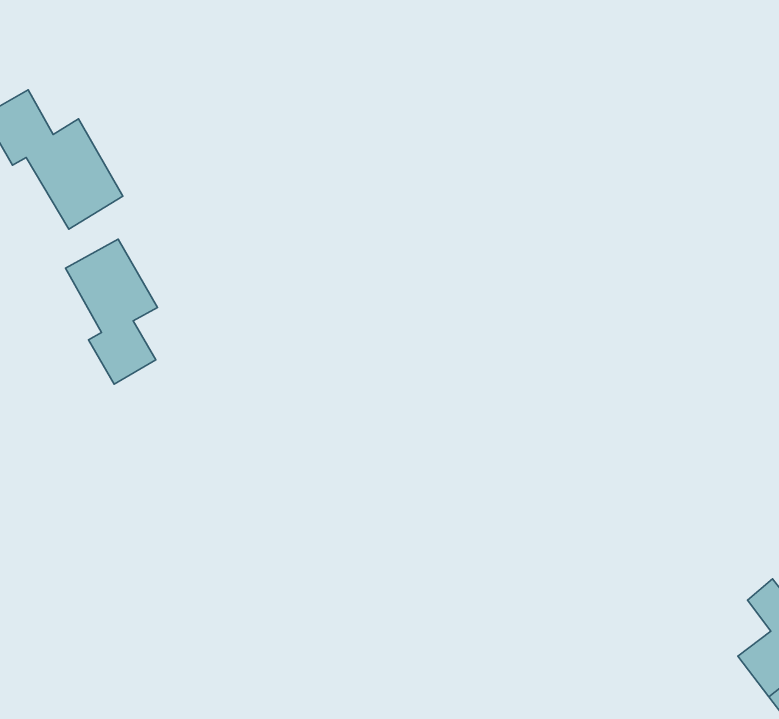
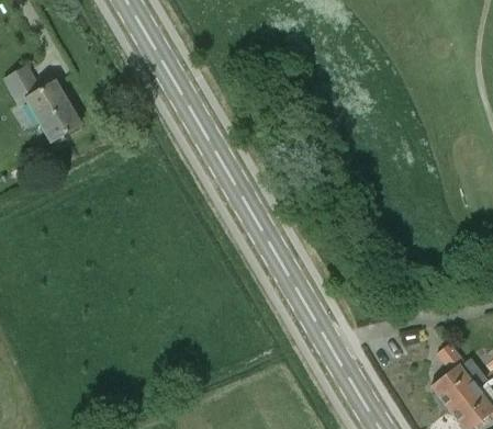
building: [66,239,158,384] -> none

